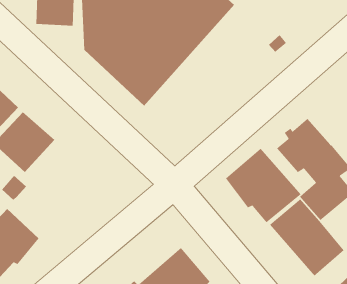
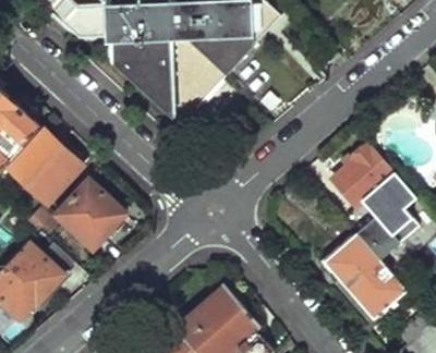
building: [225,148,302,223] -> none
building: none -> [60,182,128,251]

